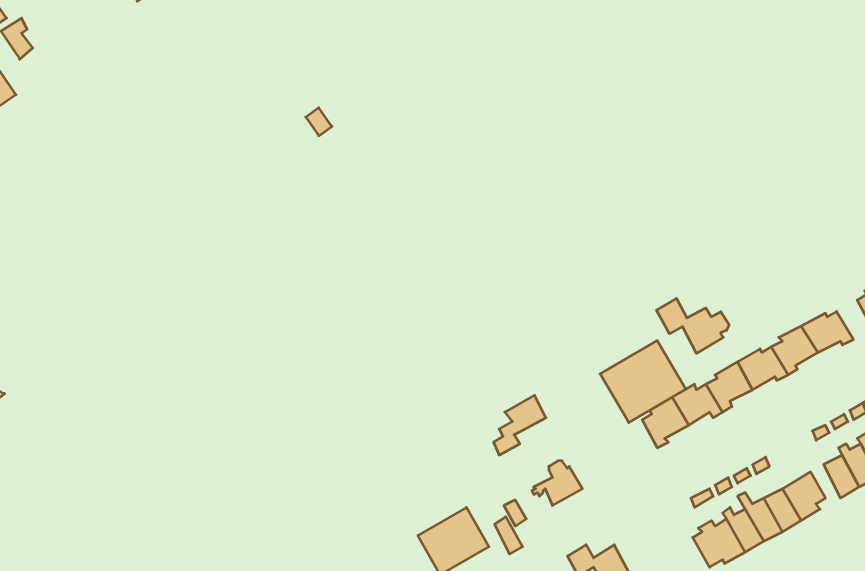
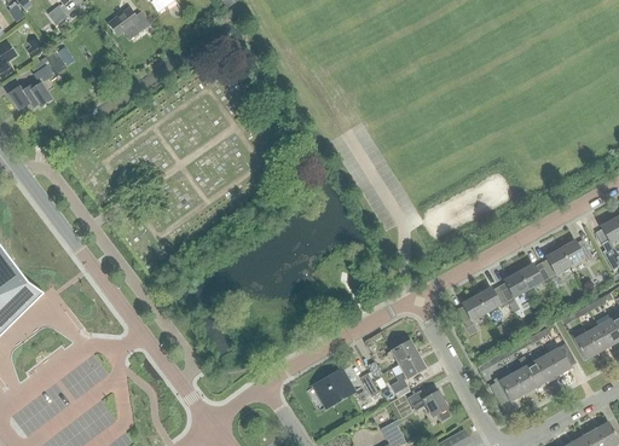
building: [657,298,729,353] -> none
building: [600,341,686,423] -> none
building: [494,395,546,455] -> [391,354,424,393]

